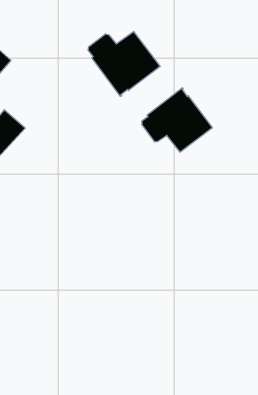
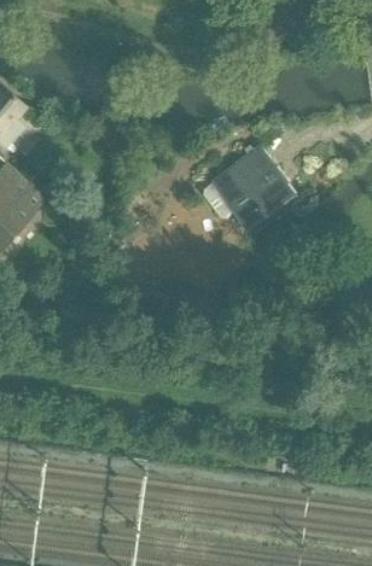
building: [88,31,160,96] -> none

